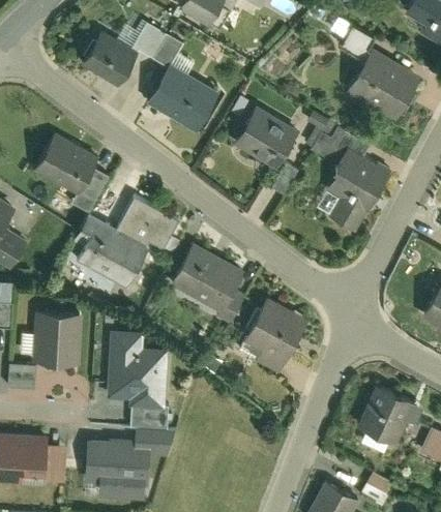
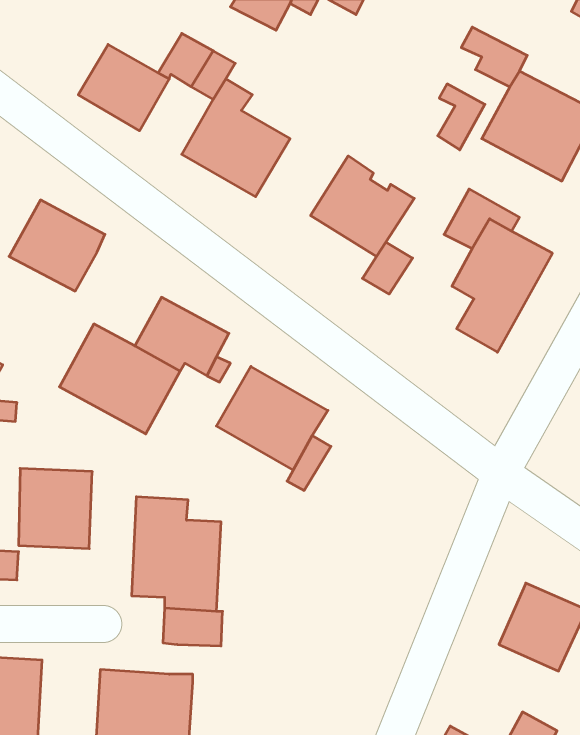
building: [304,113,335,156] -> [438,84,485,150]
building: [69,168,109,215] -> none
building: [241,296,307,377] -> none
building: [138,426,177,452] -> none

